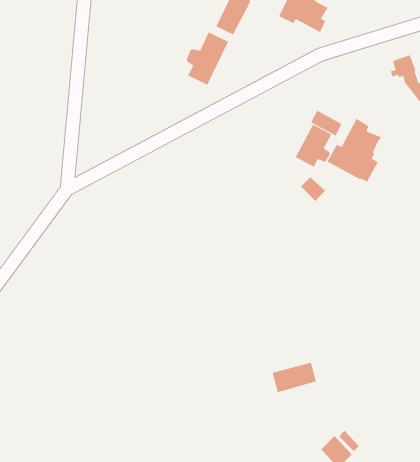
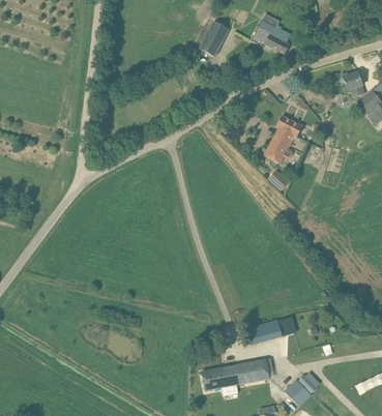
building: [186,32,229,86] -> none
building: [327,118,381,182] -> none
building: none -> [202,359,270,395]

